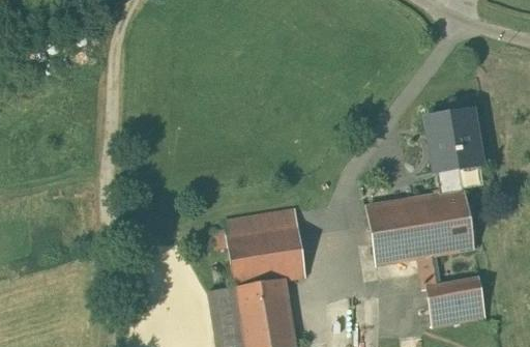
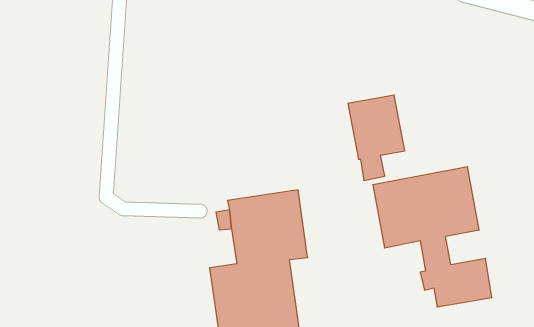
building: [425,107,481,191] -> [348,95,405,180]

